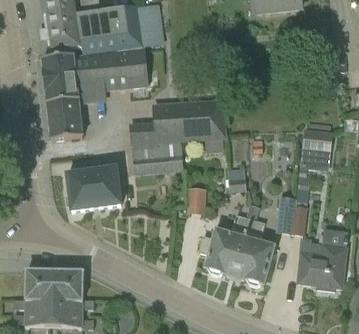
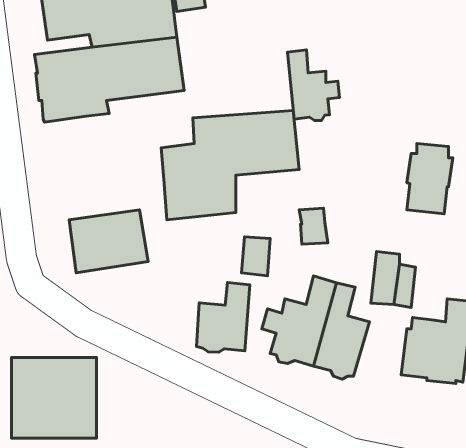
building: none -> [288,50,339,120]
building: [46,102,82,140] -> none
building: none -> [197,283,250,352]

